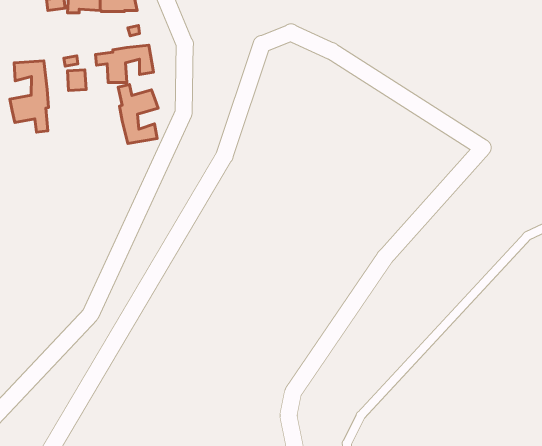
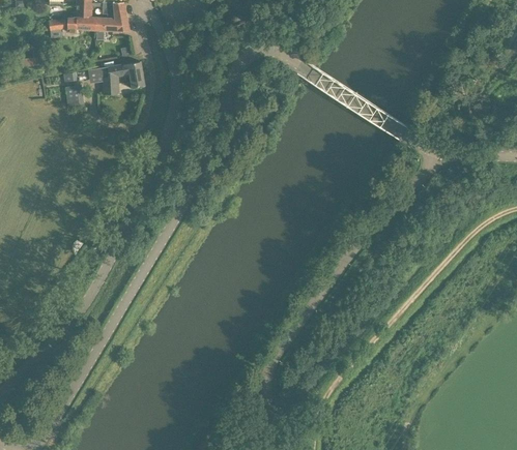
building: [10,61,48,132] -> none
building: [118,85,158,143] -> none

